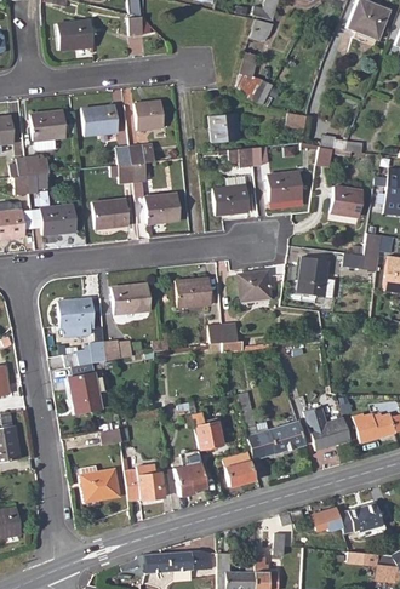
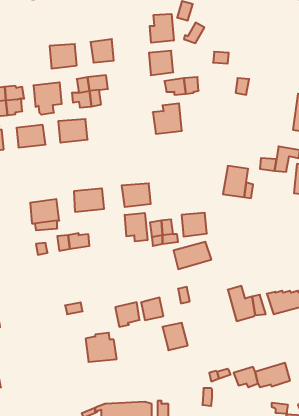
building: none -> [150,14,174,43]
building: [32,110,67,150] -> [33,82,62,115]
building: [265,172,301,201] -> none
building: [328,187,360,215] -> none
building: [144,193,179,222] -> none
building: [238,271,269,301] -> [182,213,207,236]
building: none -> [125,213,147,241]
building: [68,373,101,413] -> none
building: [258,422,305,456] -> [173,242,211,269]
building: [176,462,206,492] -> [115,302,140,327]
building: [84,464,121,499] -> none

